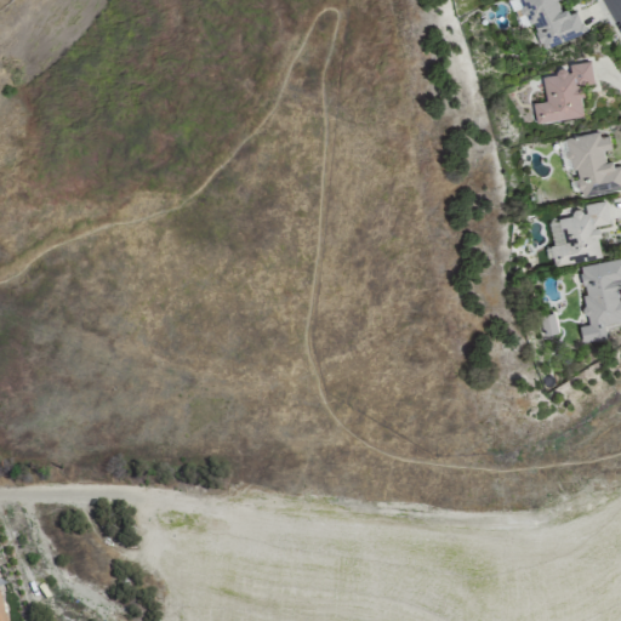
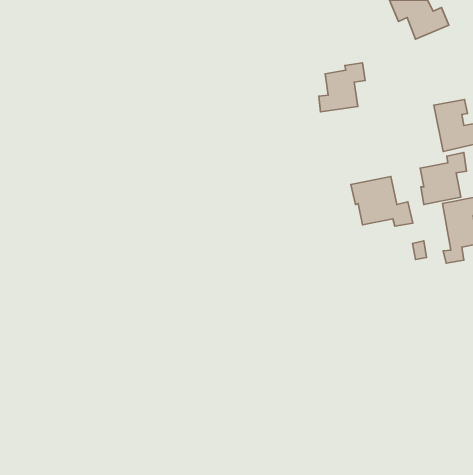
building: [535,59,596,124] -> [319,63,365,112]
building: none -> [351,176,413,226]

